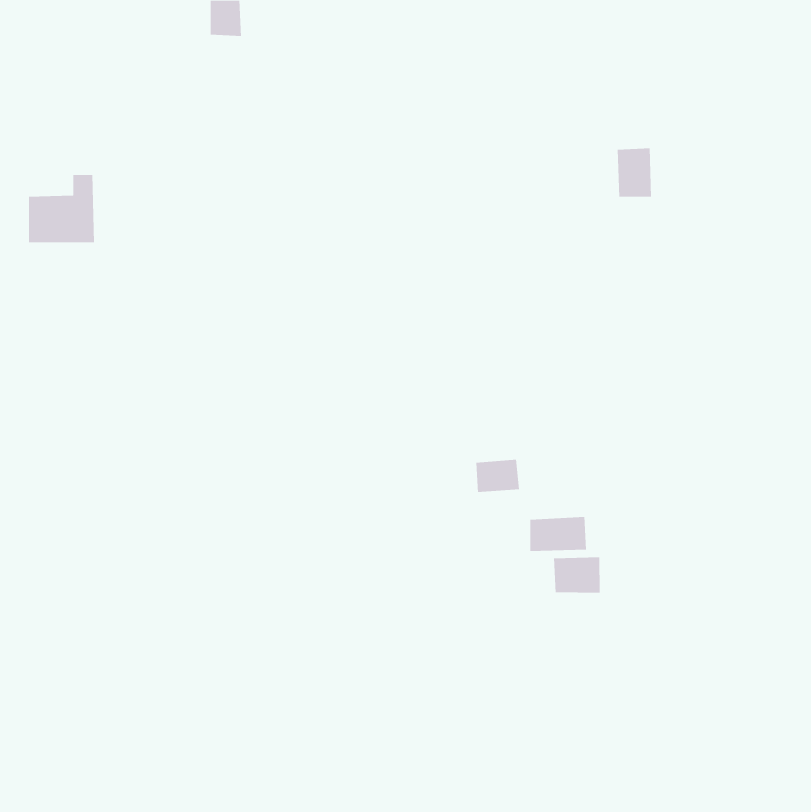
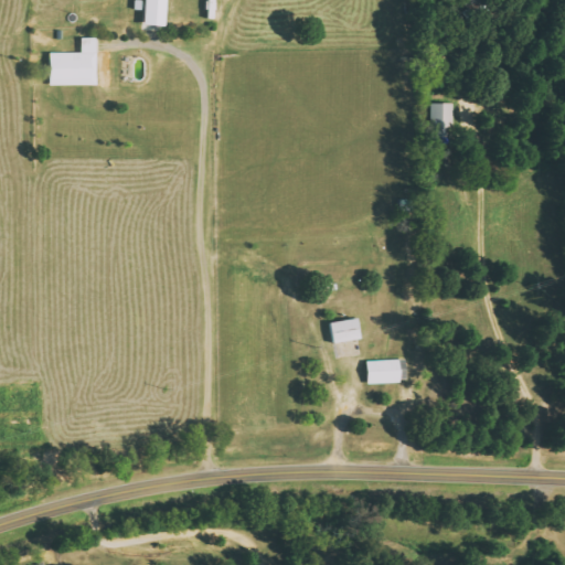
building: [28,174,95,243] -> [51,38,97,85]
building: [554,557,600,593] -> none

